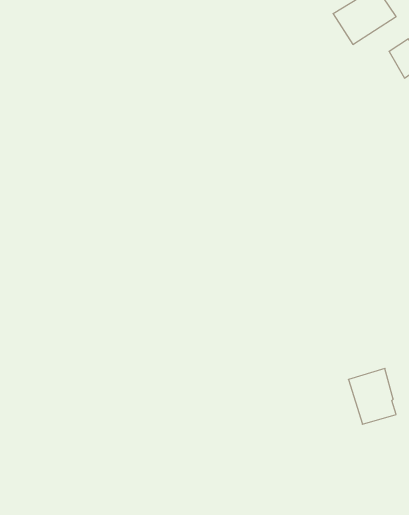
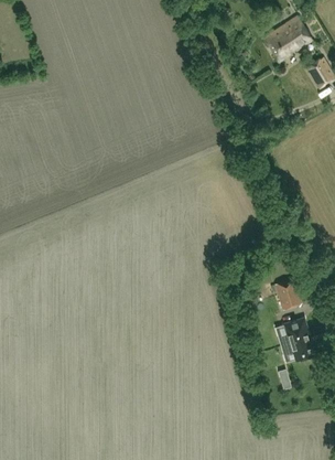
building: none -> [277,279,302,309]

